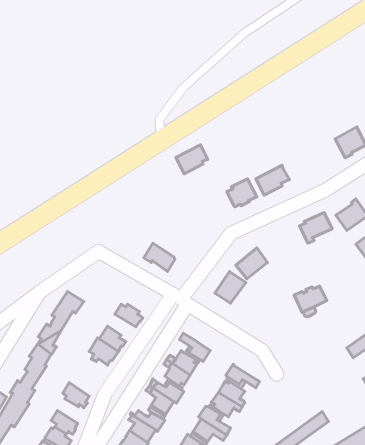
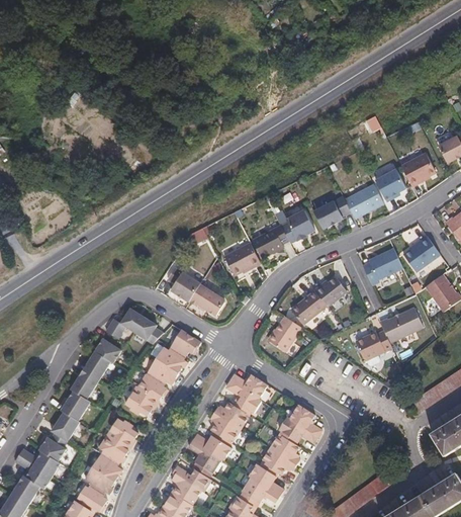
building: none -> [375,170,405,201]
building: [176,145,208,174] -> [252,226,287,258]
building: none -> [342,185,382,220]
building: none -> [223,244,259,274]
building: none -> [167,271,198,301]
building: none -> [312,275,346,306]
building: none -> [105,306,163,341]
building: none -> [377,306,420,341]
building: none -> [169,332,201,359]
building: none -> [147,362,178,387]
building: none -> [231,374,267,401]
building: none -> [288,405,319,437]
building: none -> [104,423,135,453]
building: none -> [91,456,120,484]

